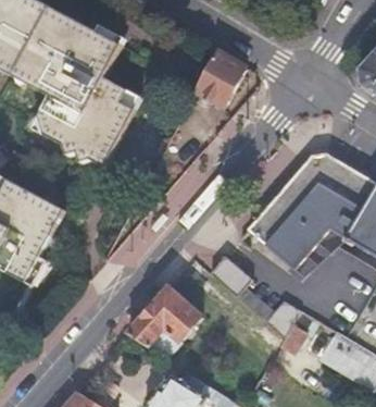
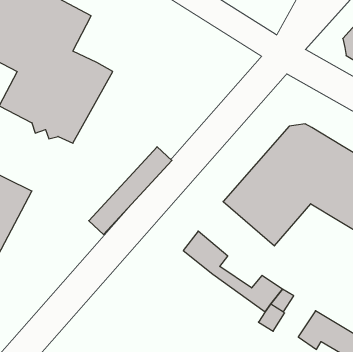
building: [200,55,252,112] -> none
building: [125,284,201,356] -> none

